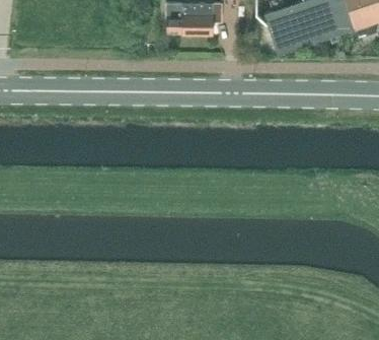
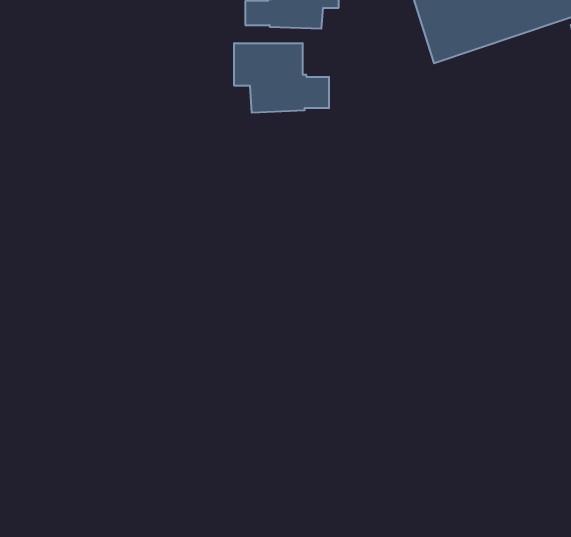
building: none -> [234,43,329,113]

